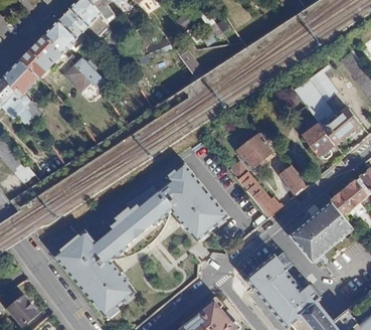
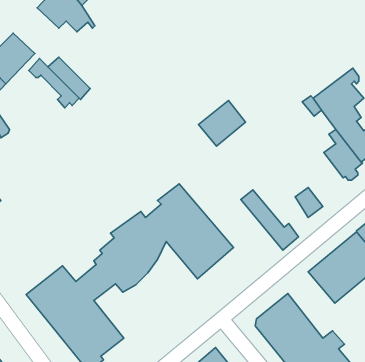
building: [44,14,82,52] -> none
building: [237,129,276,167] -> [199,101,246,146]

